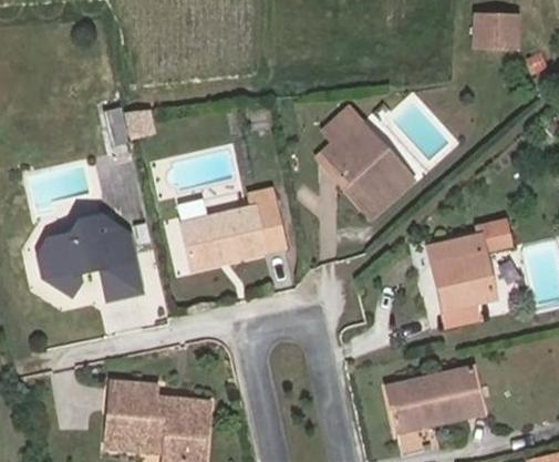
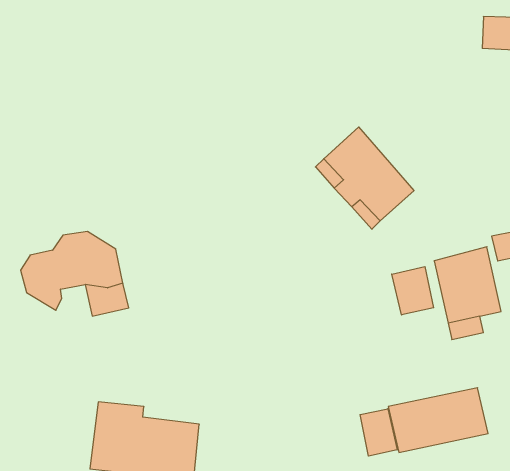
building: [183,193,283,269] -> none
building: none -> [392,267,434,315]
building: none -> [360,409,397,456]

